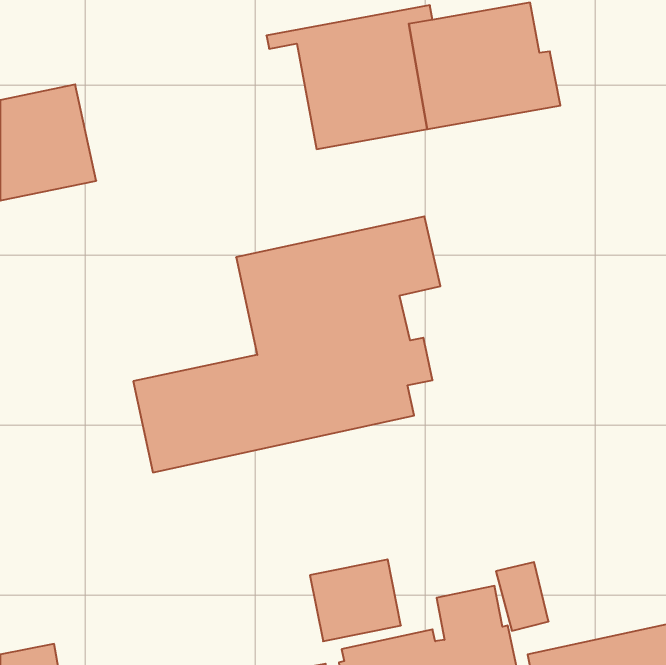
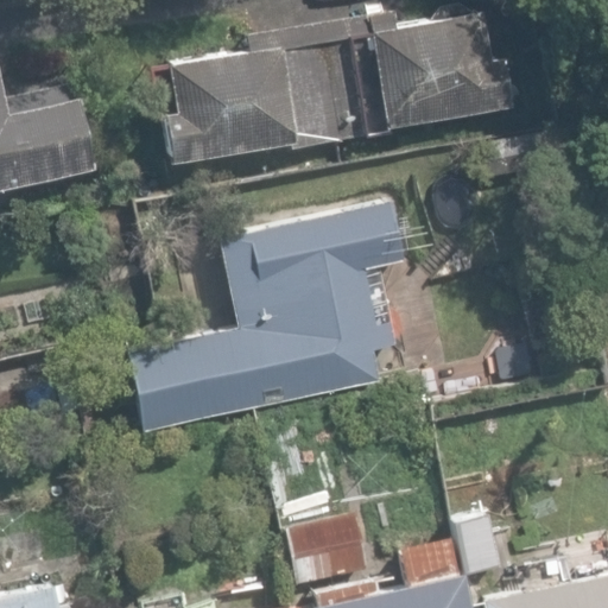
building: none -> [153,48,292,164]

